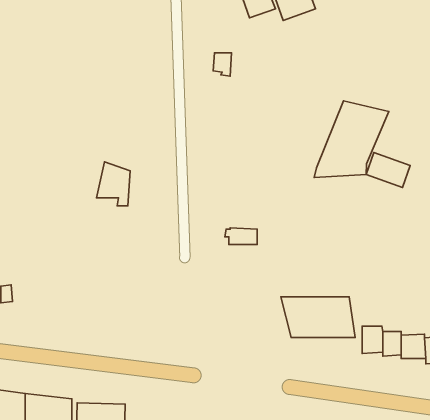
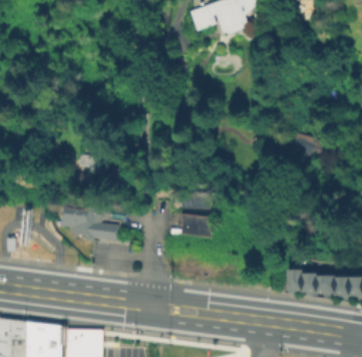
building: [314,101,389,178] -> none
building: none -> [59,206,118,242]
building: none -> [182,214,211,238]
building: [281,297,355,337] -> none

